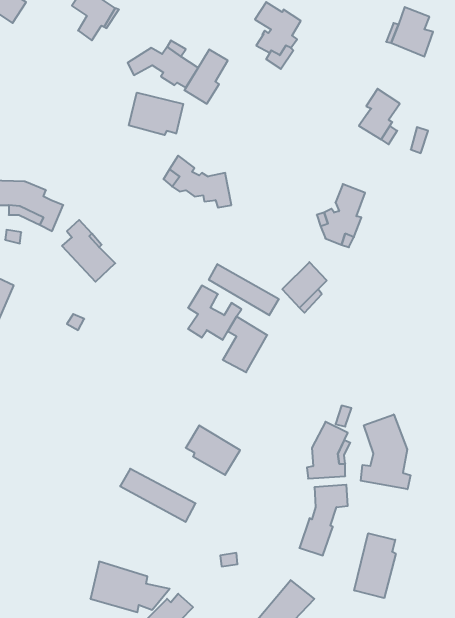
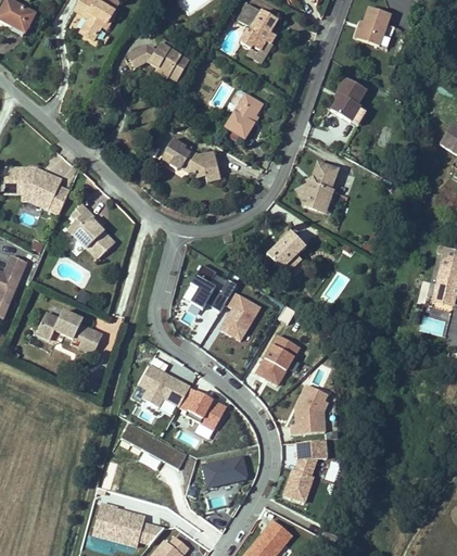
building: [184,49,228,104] -> [223,101,261,149]
building: [129,93,183,135] -> none
building: [209,264,279,315] -> none
building: none -> [37,306,102,351]
building: none -> [254,334,299,386]
building: none -> [139,359,190,402]
building: [361,414,411,489] -> none
building: none -> [201,452,245,482]
building: [354,533,396,598] -> none

